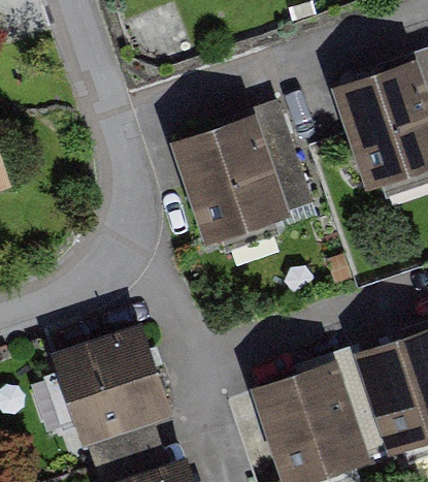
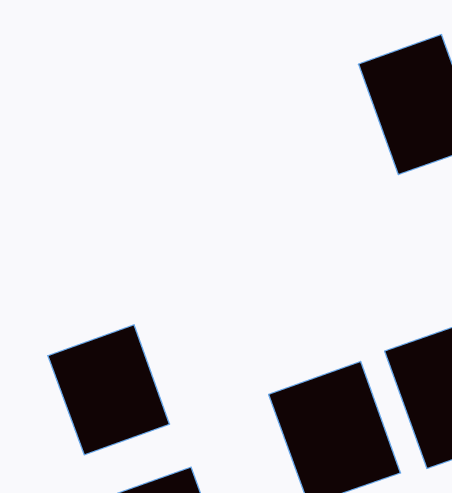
building: [172,108,311,240] -> none

